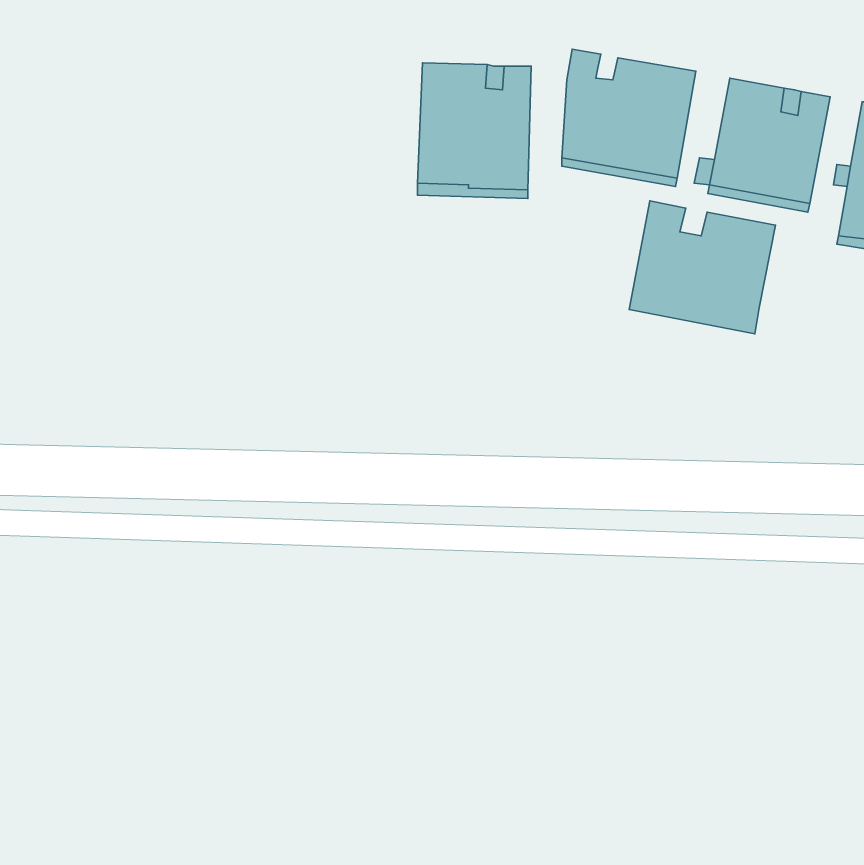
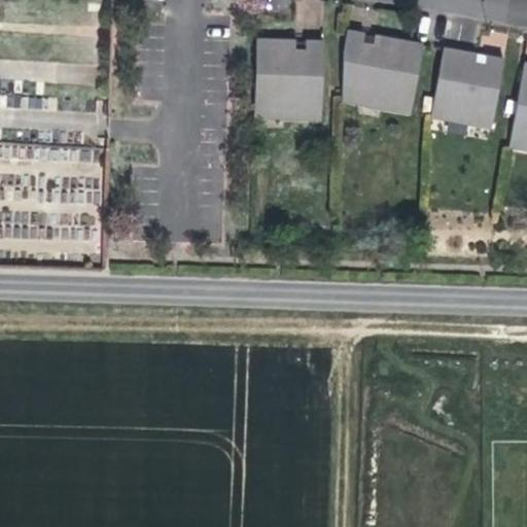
building: [629,201,775,334] -> none

